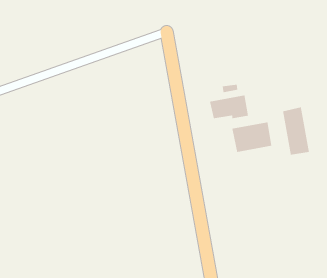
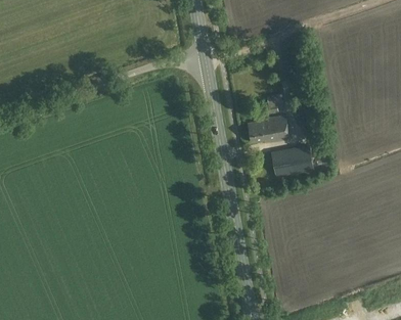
building: [282,107,310,156] -> none

